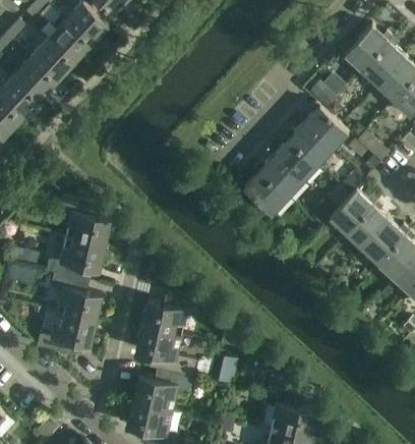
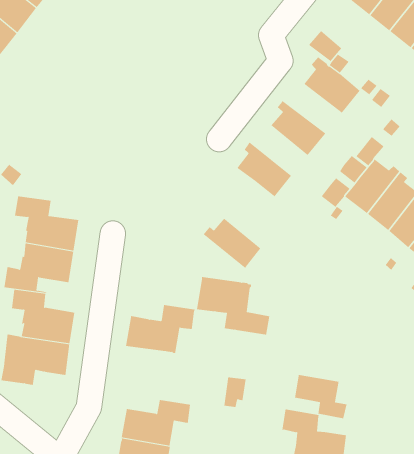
building: [284,124,332,166] -> none
building: [254,156,301,199] -> [203,218,261,269]
building: [134,327,194,379] -> [196,277,270,335]
building: none -> [294,374,347,419]

